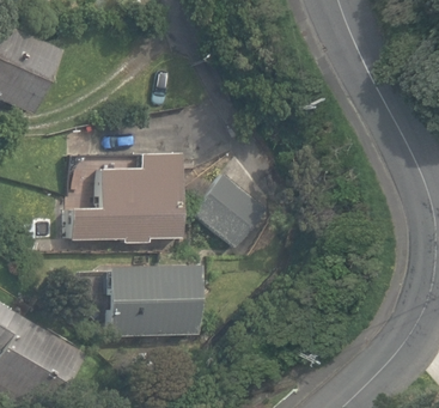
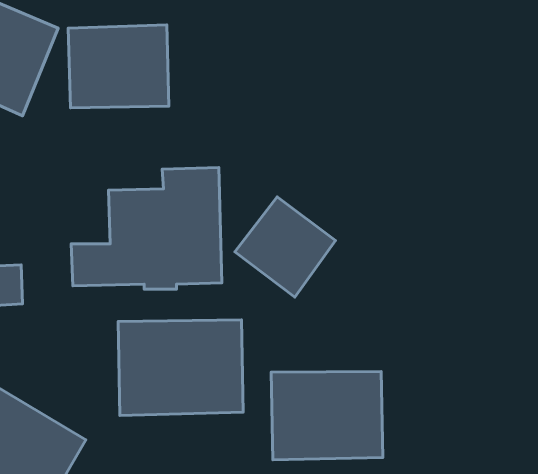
building: none -> [68,25,169,108]
building: none -> [271,371,383,460]

